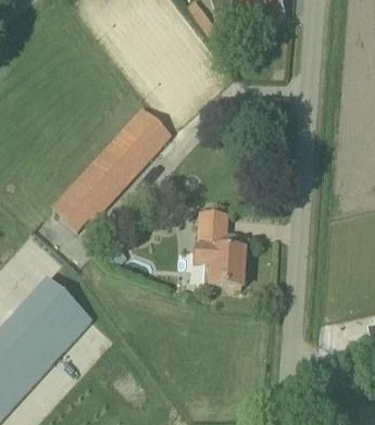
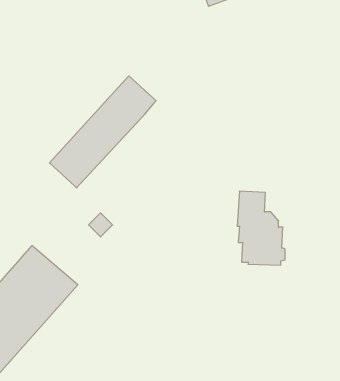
building: [198,213,246,287] -> [237,191,285,265]

